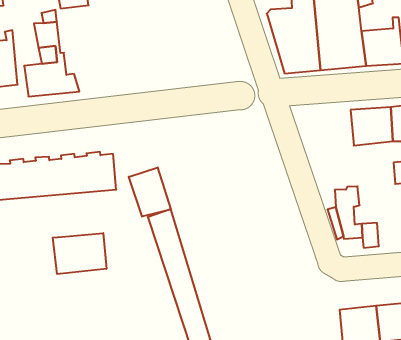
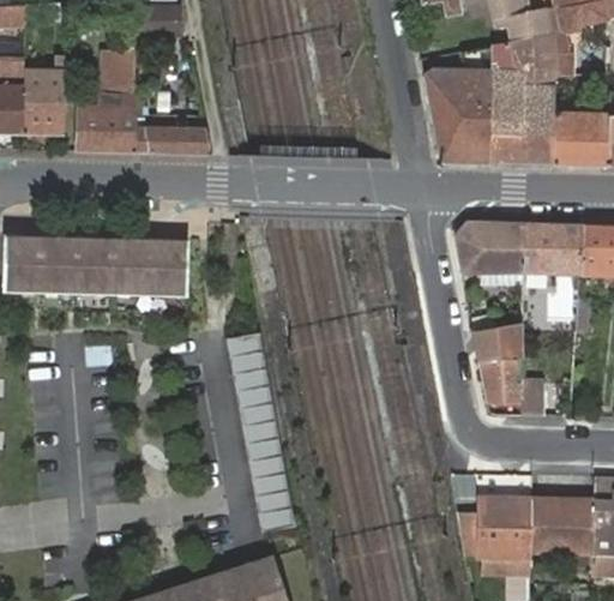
building: none -> [145,128,209,155]
building: none -> [455,221,525,278]
building: [129,167,171,217] -> none
building: [53,233,106,274] -> none

